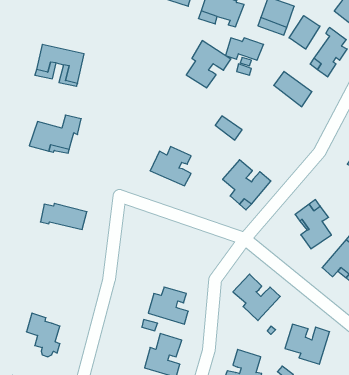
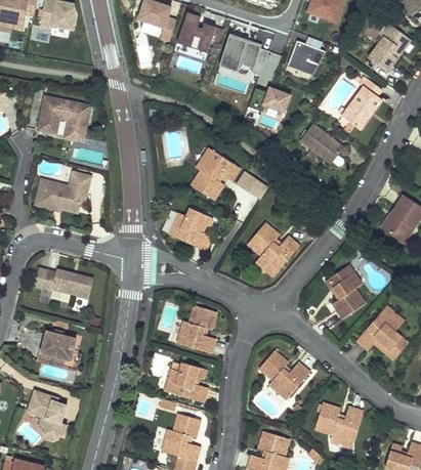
building: [289,16,320,49] -> none
building: [186,41,231,88] -> [191,146,240,199]
building: none -> [176,304,216,352]
building: none -> [40,331,76,360]

